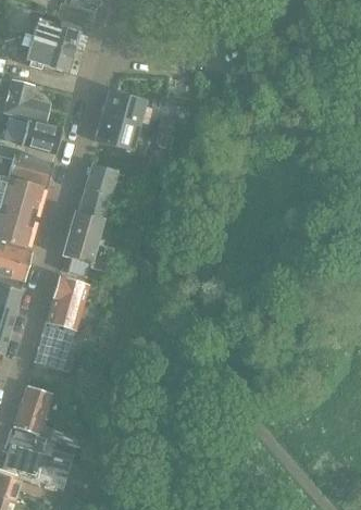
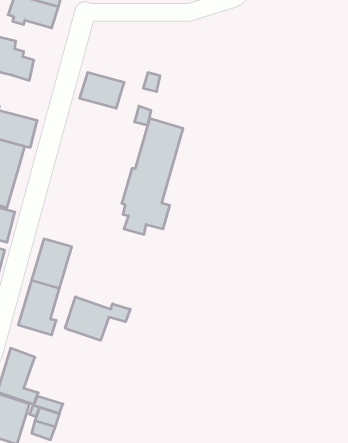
building: [100,89,142,124] -> none
building: [20,116,60,152] -> none
building: [63,162,123,275] -> [122,118,183,234]
building: none -> [65,297,130,340]

